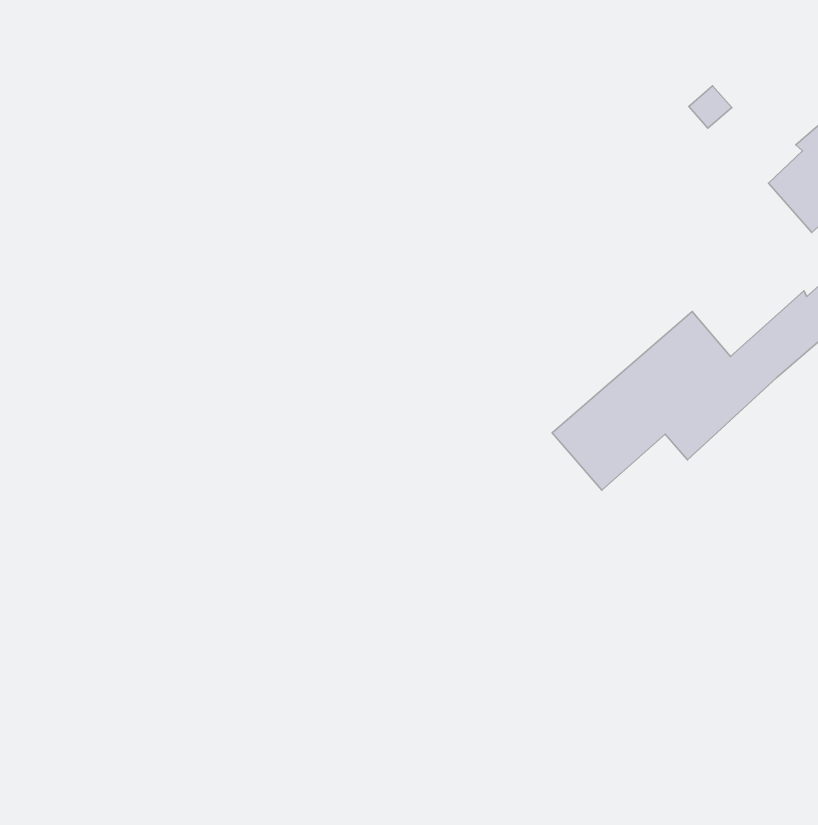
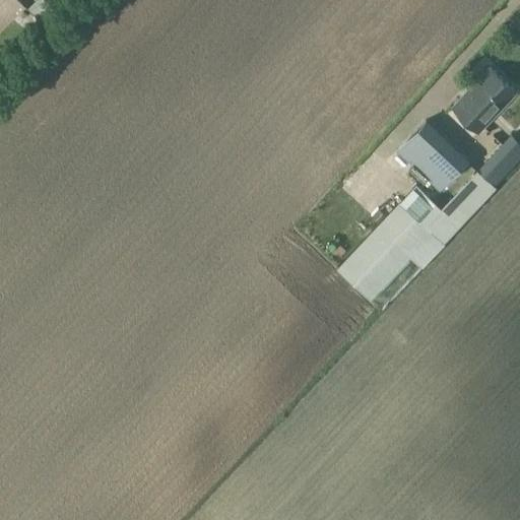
building: none -> [396,120,469,192]

